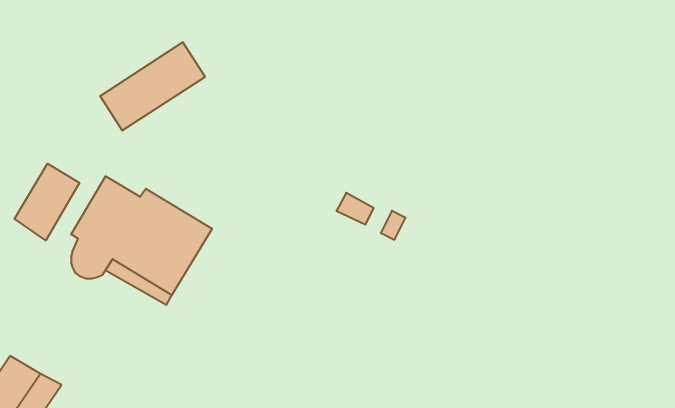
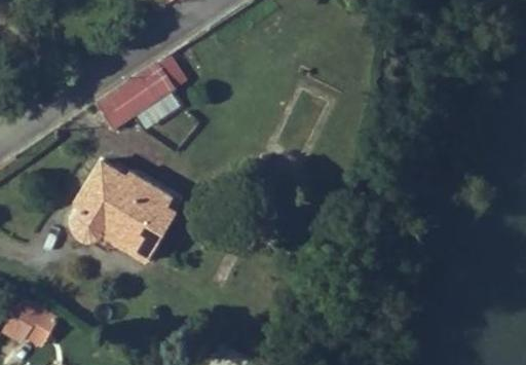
building: [15,164,79,240] -> none

